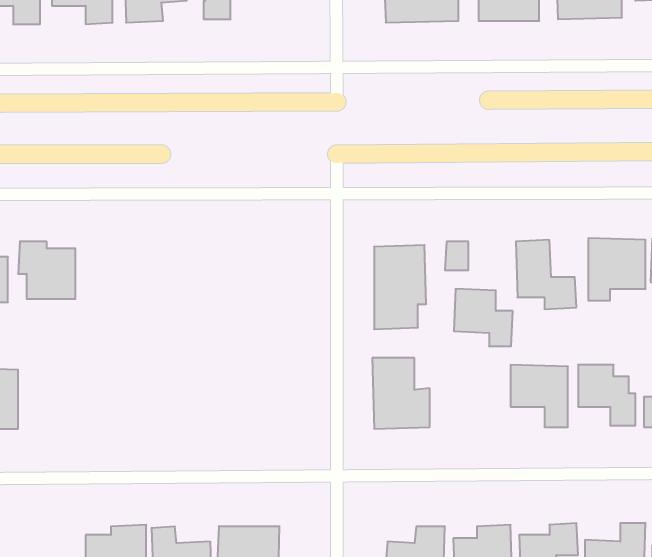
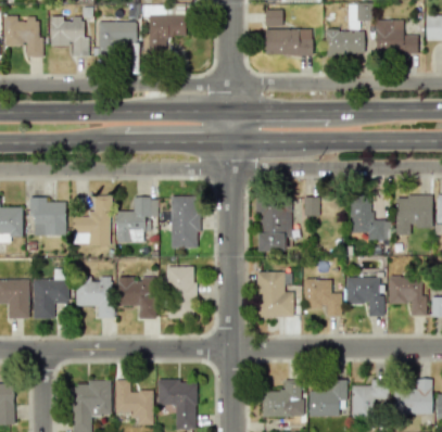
building: none -> [74,196,111,245]
building: none -> [117,199,159,242]
building: none -> [171,200,199,249]
building: [454,289,513,346] -> [304,280,342,317]
building: none -> [168,267,195,319]
building: none -> [76,277,114,319]
building: none -> [118,277,157,319]
building: none -> [34,280,70,319]

